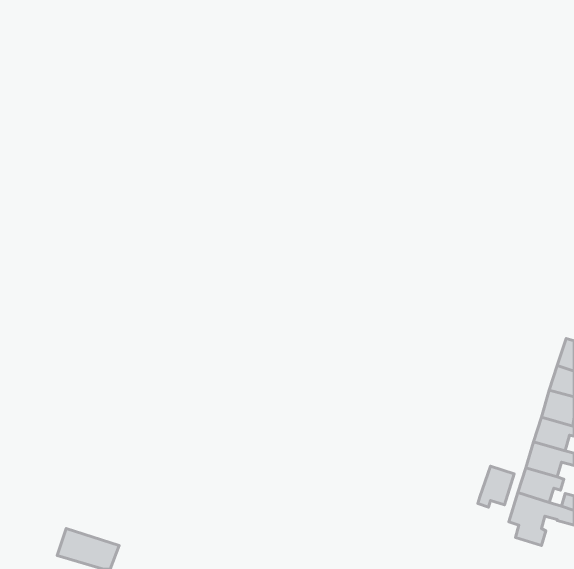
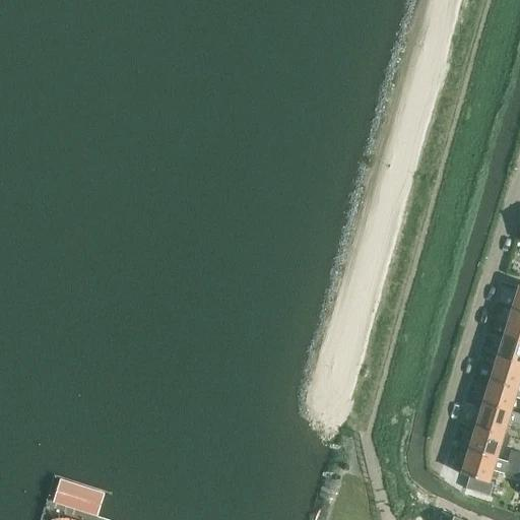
building: [478,466,514,507] -> none

